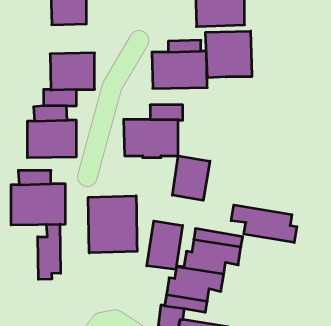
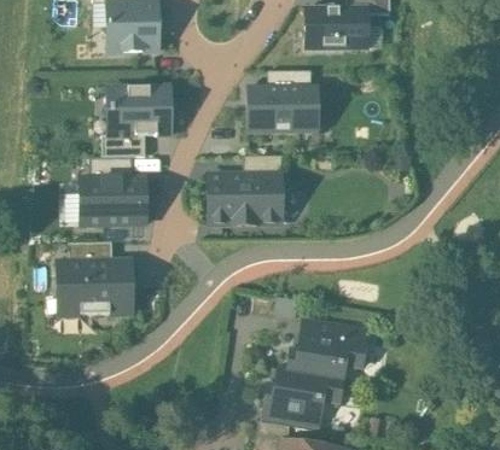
building: [206,31,252,78] -> none
building: [172,156,210,200] -> none
building: [88,196,137,253] -> none
building: [231,205,297,243] -> none
building: [147,221,183,269] -> none
building: [38,224,61,279] -> none

